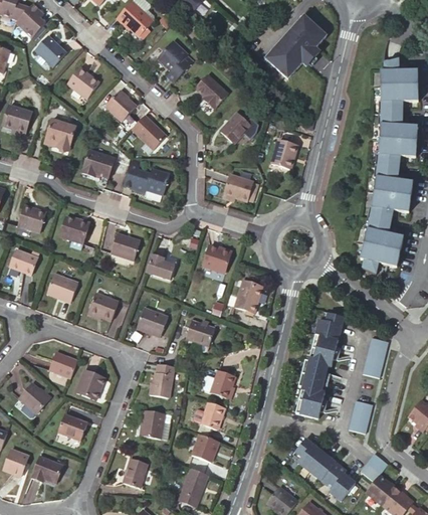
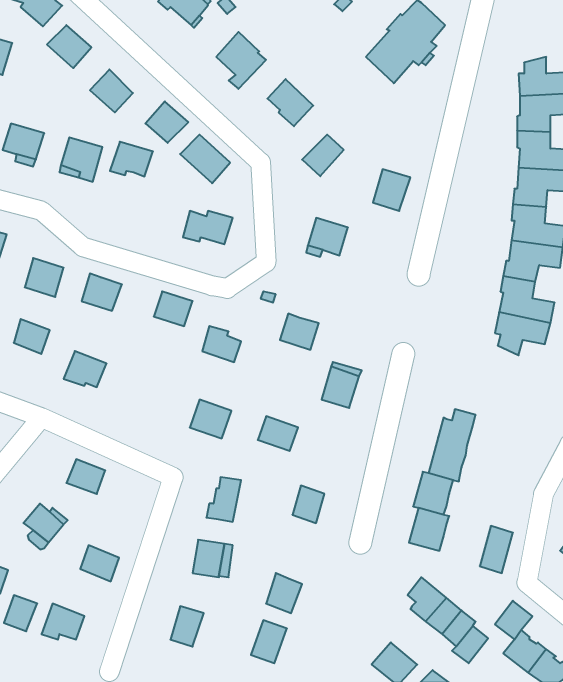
building: [83,152,115,177] -> [110,142,153,176]
building: [89,294,118,320] -> none
building: [364,338,388,379] -> none
building: [77,369,104,398] -> none
building: [193,399,226,438] -> none

